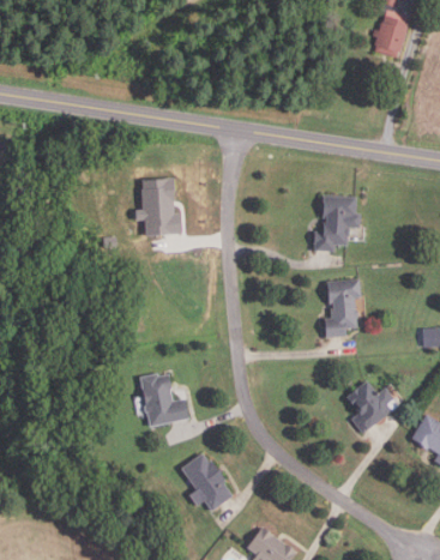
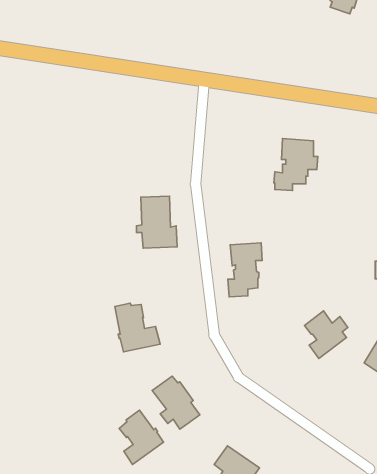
building: [138,180,182,236] -> [136,196,177,248]
building: [324,278,361,337] -> [228,243,262,297]
building: none -> [119,410,163,464]

